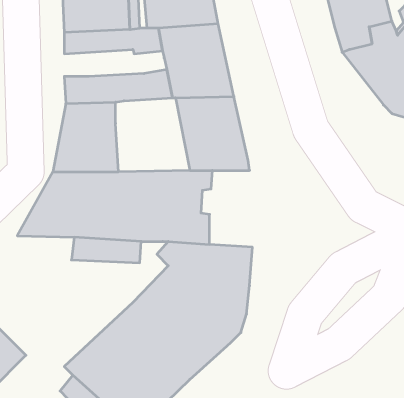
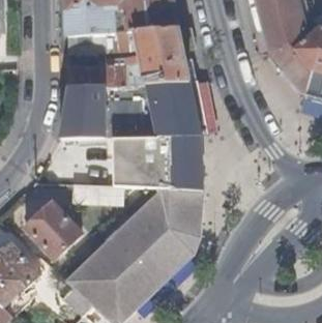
building: none -> [105,83,158,137]
building: none -> [173,136,204,192]
building: none -> [26,201,81,256]

